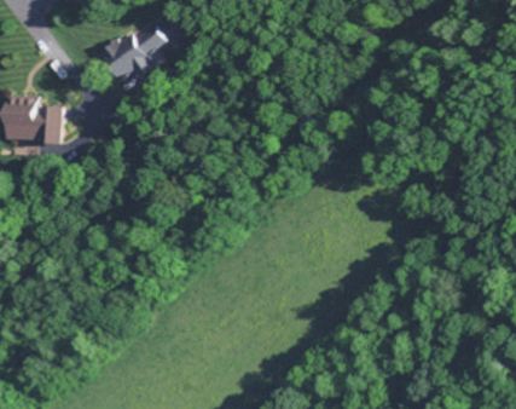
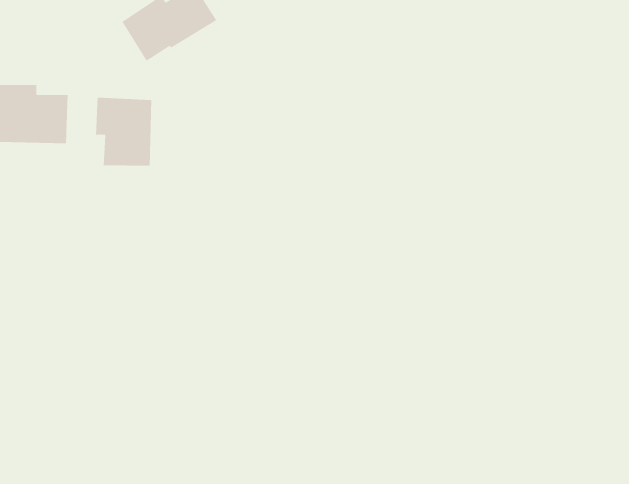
building: none -> [95,97,152,166]

